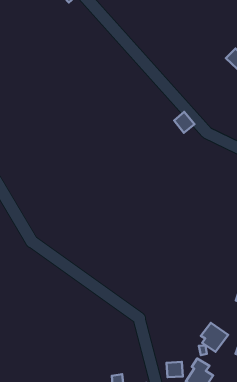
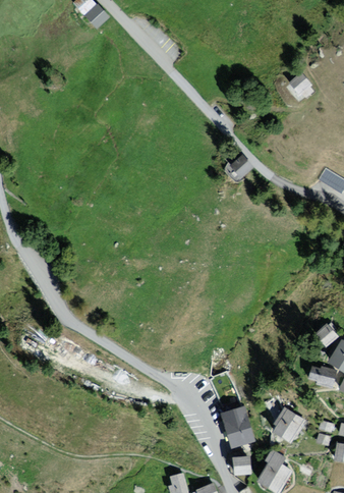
building: none -> [225,416,255,449]

